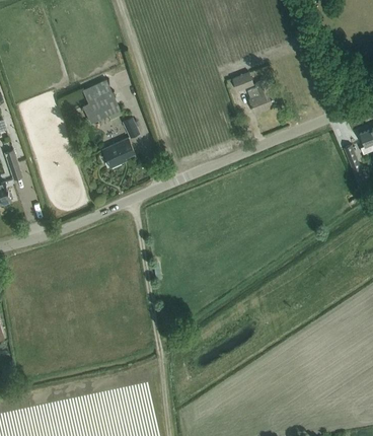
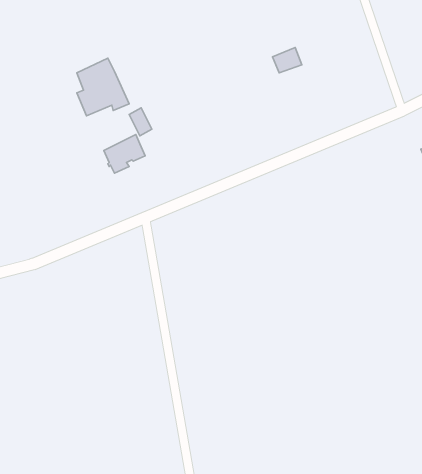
building: [246,80,275,114] -> none

